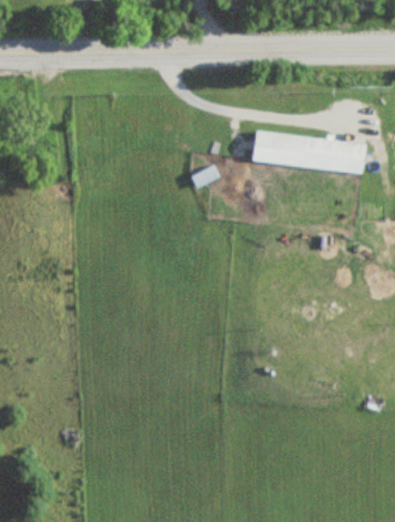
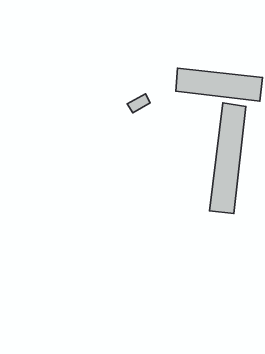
building: none -> [210,103,246,214]

